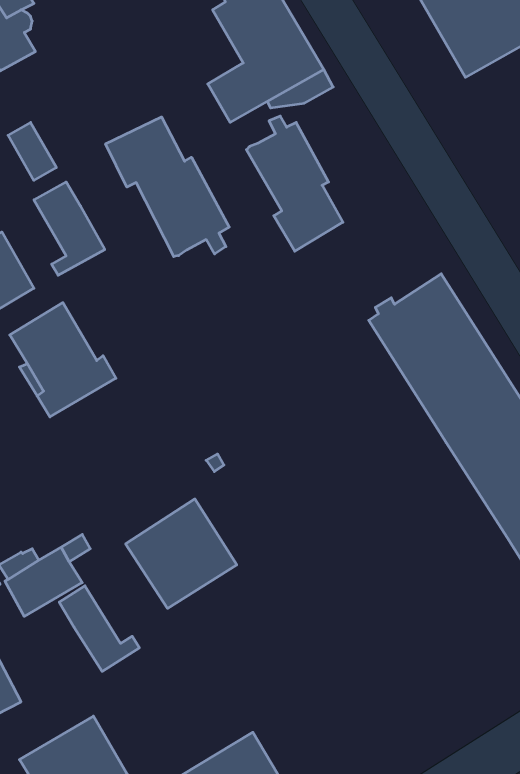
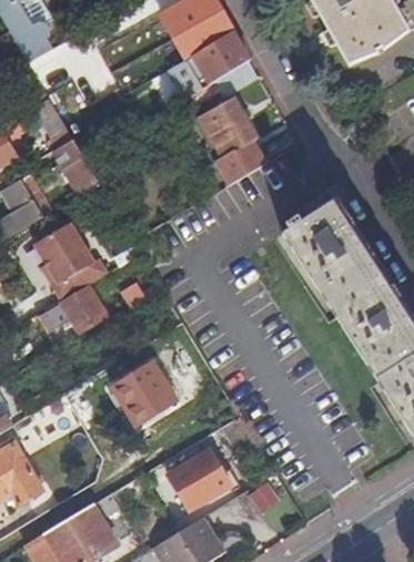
building: [106,117,229,257] -> none
building: none -> [40,285,107,330]
building: [59,586,139,671] -> none
building: none -> [169,450,229,507]

